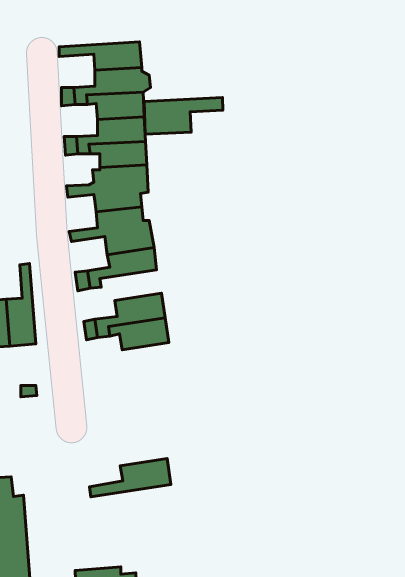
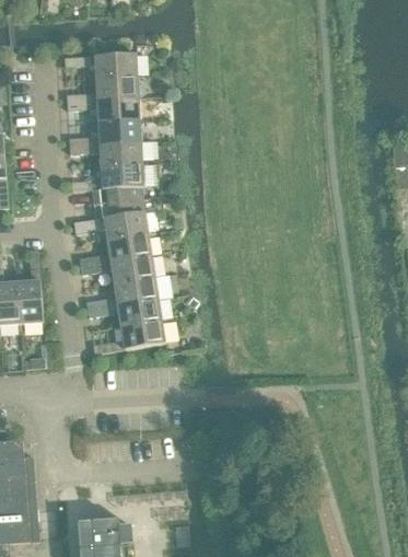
building: [144,98,223,134] -> none
building: none -> [100,255,154,282]
building: [89,459,171,497] -> [92,320,164,353]

